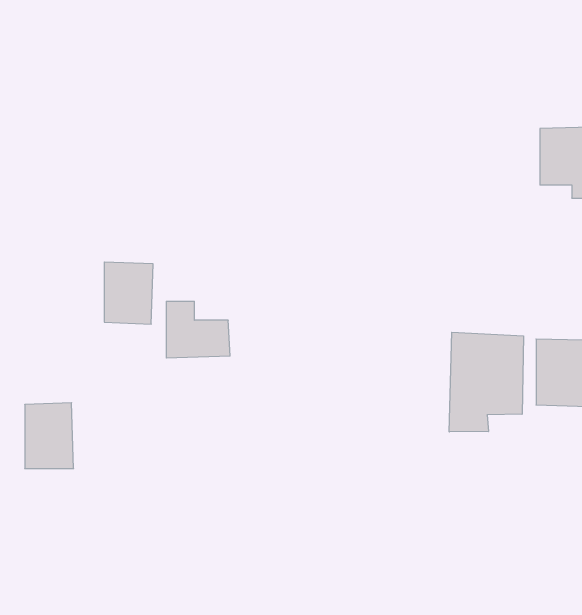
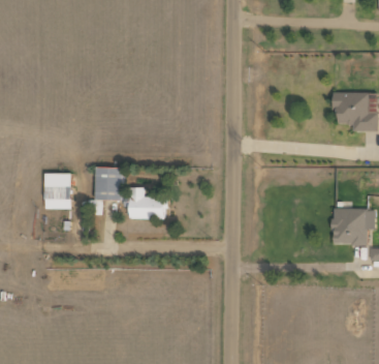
building: [449,332,523,432] -> none
building: [25,403,74,469] -> [44,172,71,208]

